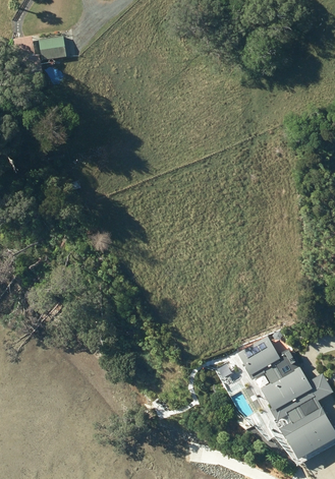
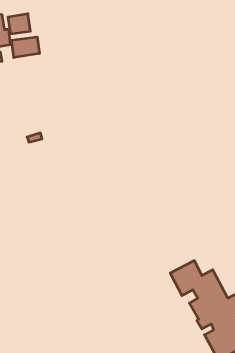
building: none -> [11,37,39,58]

